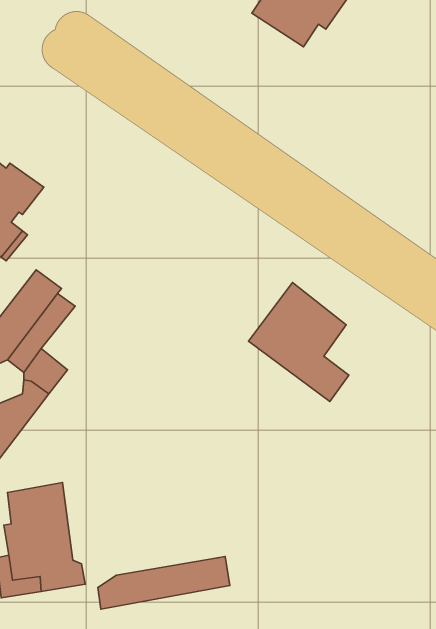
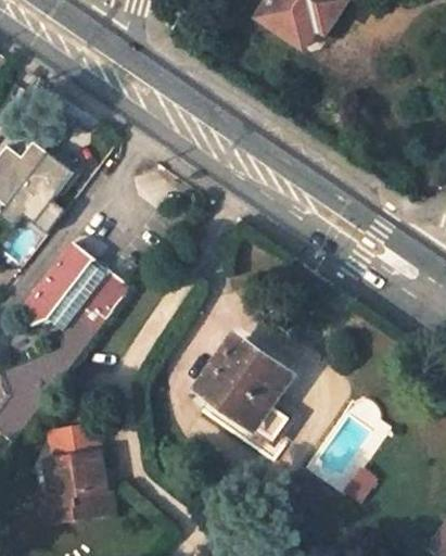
building: [248,282,349,401] -> [201,339,288,442]
building: none -> [77,268,131,327]
building: [98,557,230,609] -> none

